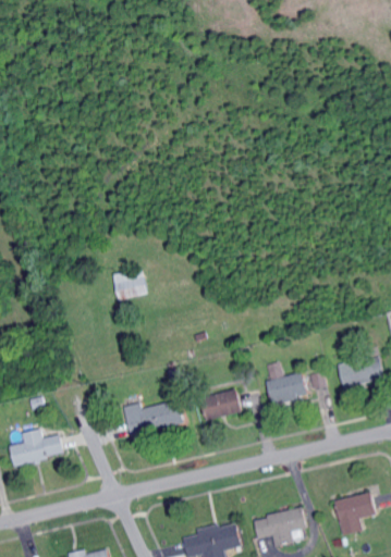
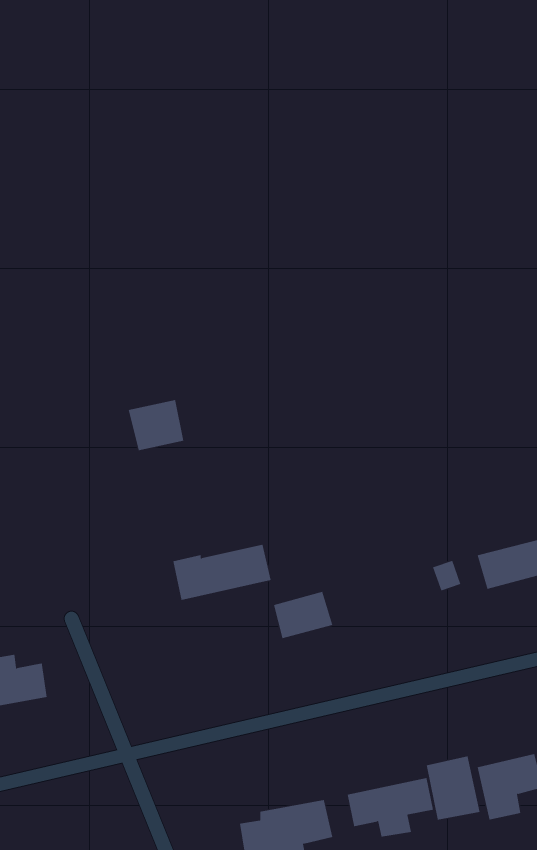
building: [265,361,308,405] -> none
building: [122,400,185,436] -> [172,544,272,601]
building: none -> [426,756,480,820]

